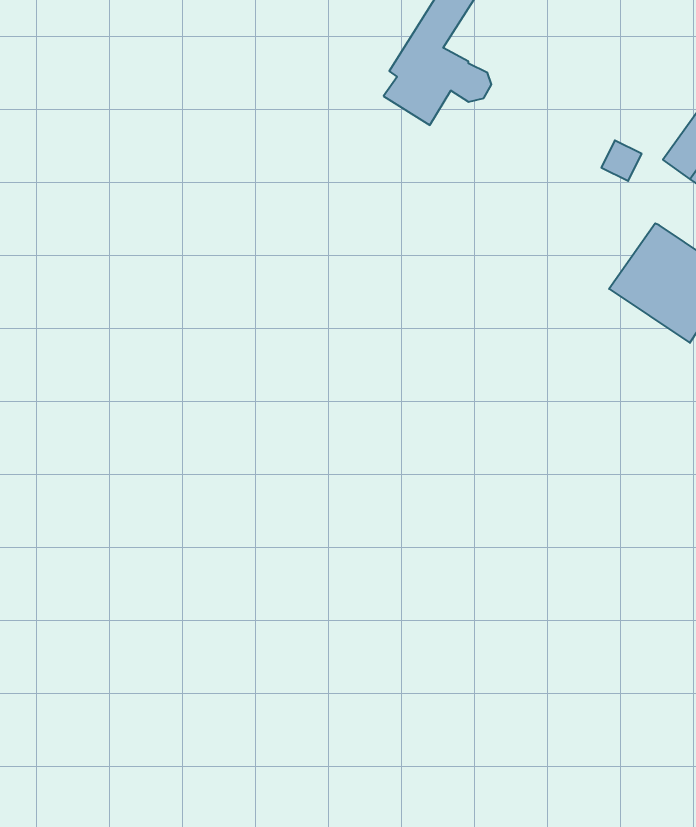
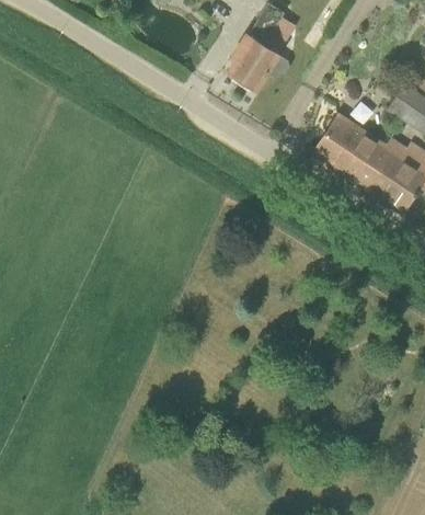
building: none -> [313,114,384,182]

